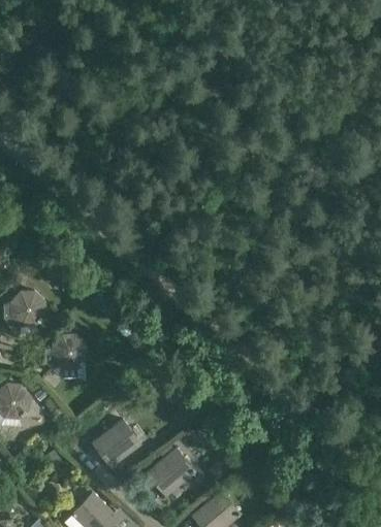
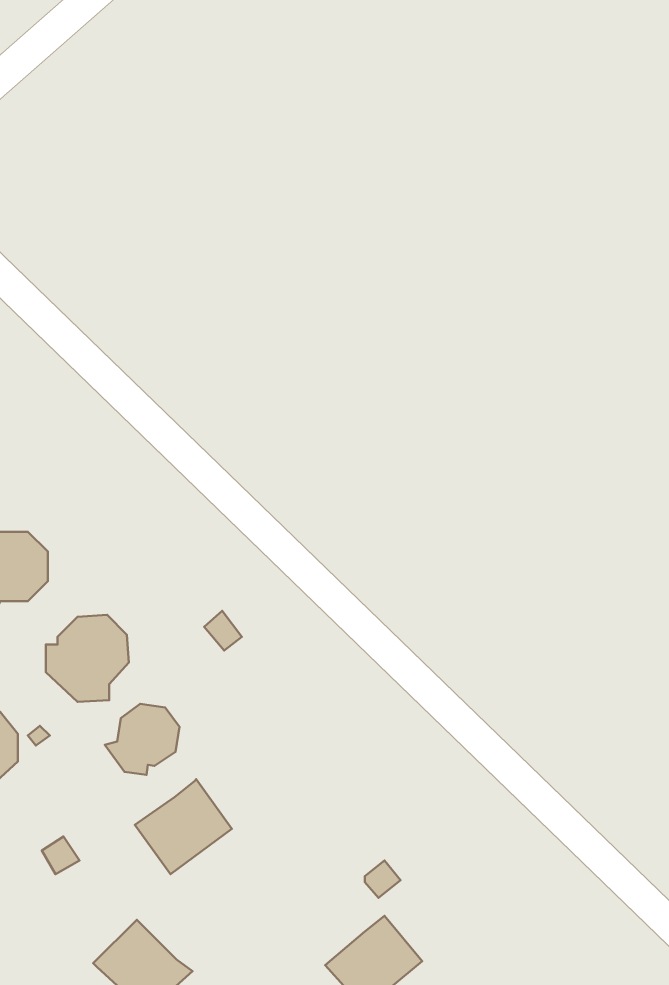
building: none -> [105,704,179,775]
building: [145,447,196,497] -> none

